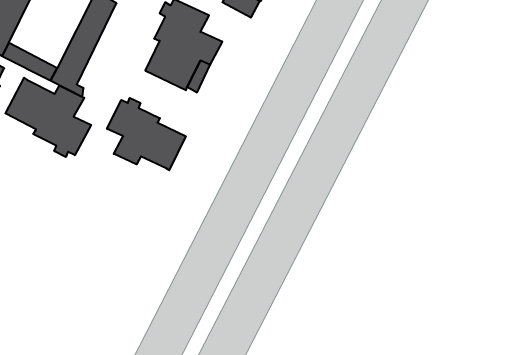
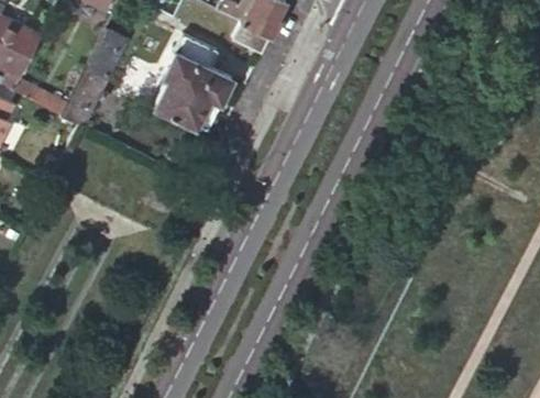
building: [5,78,91,157] -> none
building: [107,98,186,170] -> none

